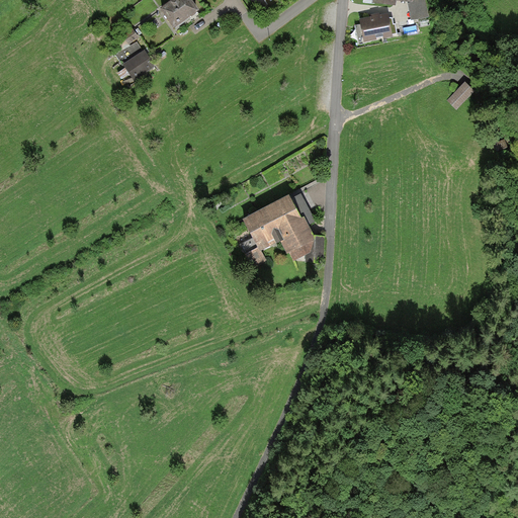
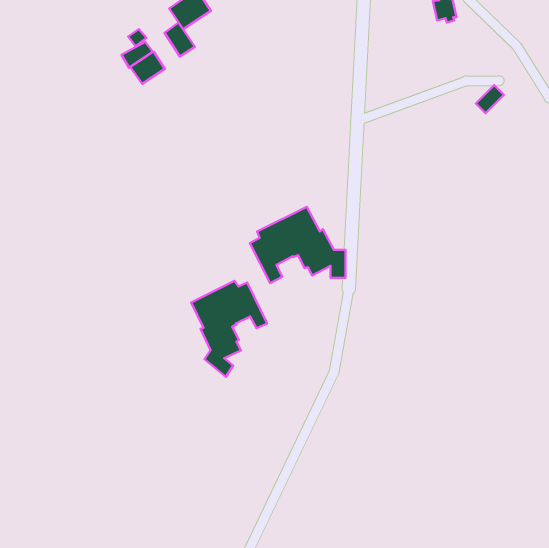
building: [355,13,397,41] -> none
building: none -> [164,23,195,56]
building: none -> [191,281,267,377]

